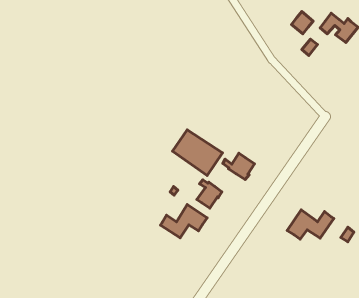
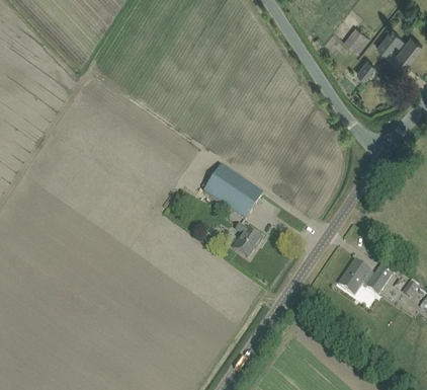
building: [223,153,254,179] -> none
building: [160,204,207,238] -> none

